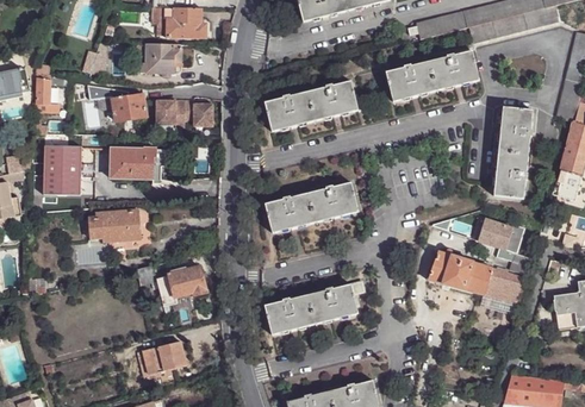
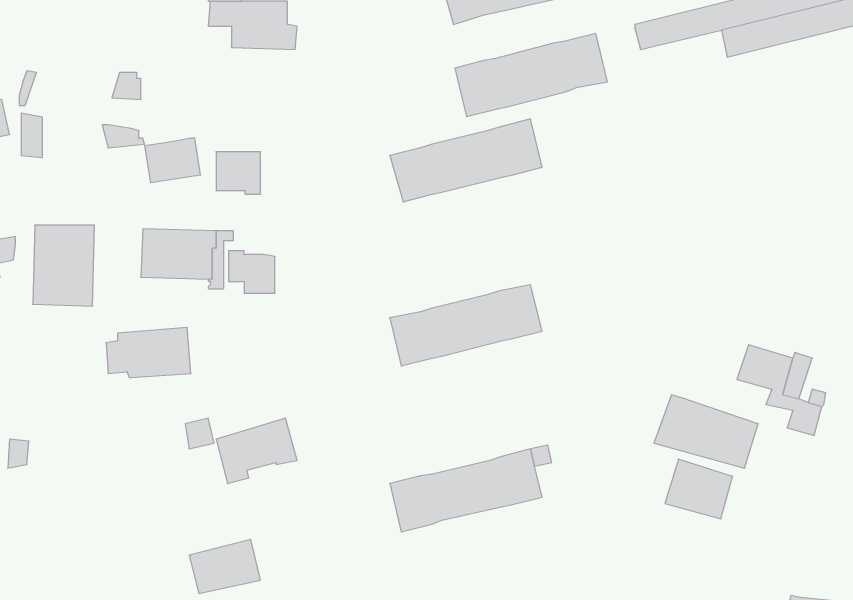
building: [139,43,181,73] -> none
building: [385,50,479,101] -> [455,34,607,116]
building: [183,100,212,126] -> [229,251,275,293]
building: [493,106,531,198] -> none
building: [483,268,524,305] -> [665,459,733,519]

